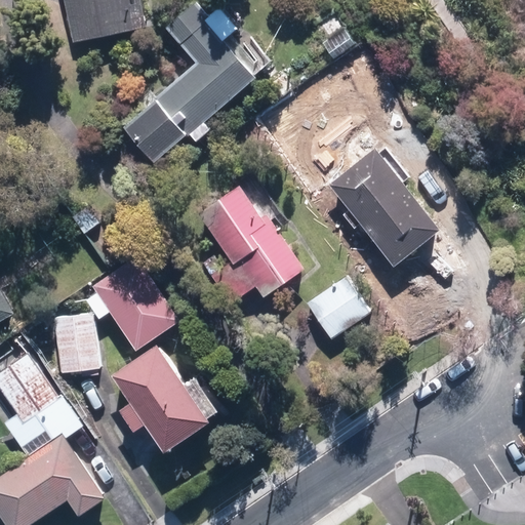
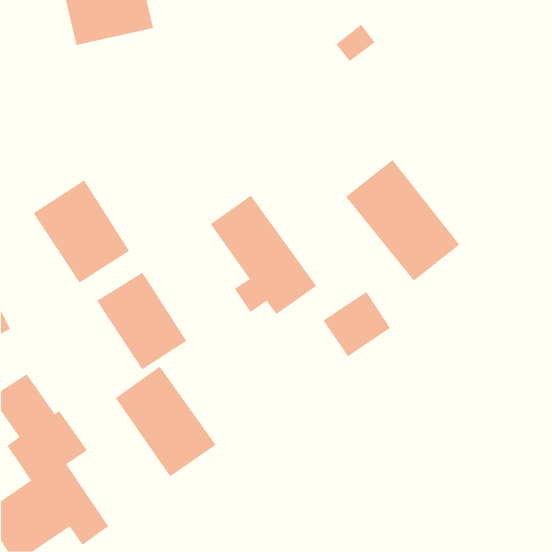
building: [121,5,254,163] -> none
building: none -> [33,179,130,284]
building: [54,313,99,374] -> none

